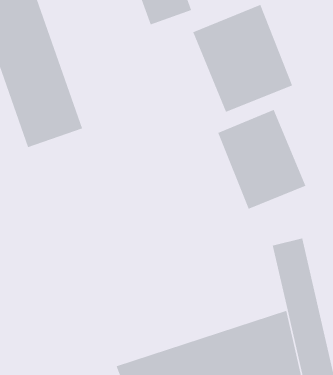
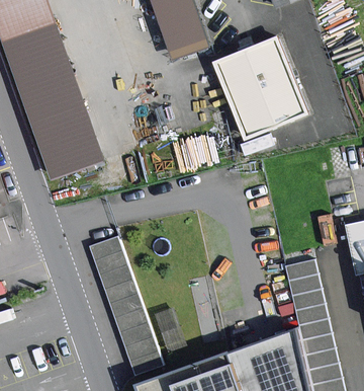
building: [217,109,307,210] -> none
building: none -> [89,236,164,377]

